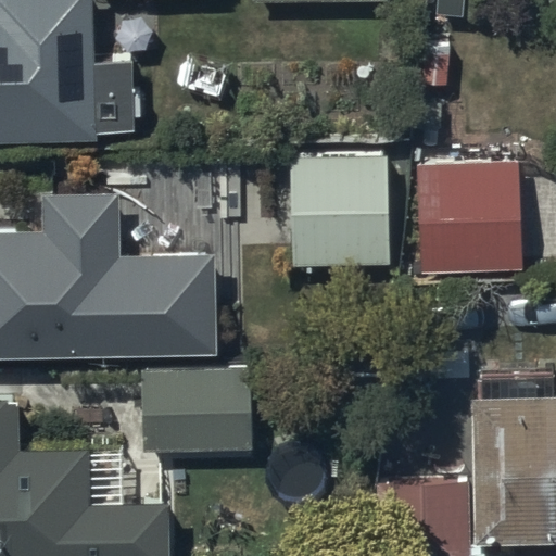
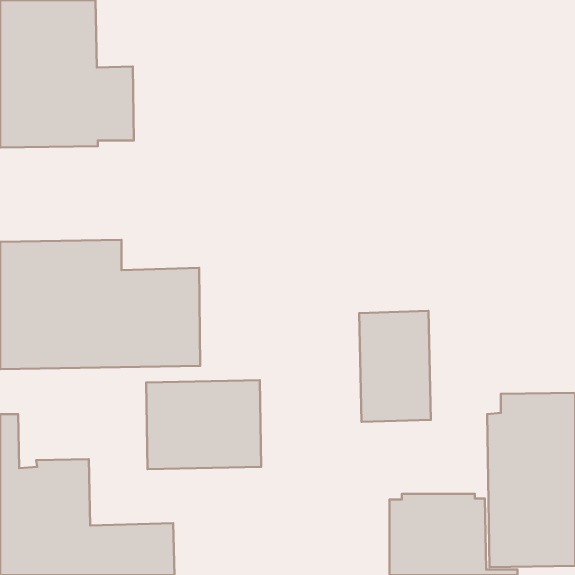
building: [290,154,388,267] -> none
building: [416,157,521,275] -> none
building: none -> [359,311,431,422]

